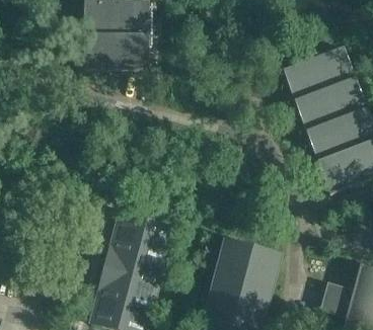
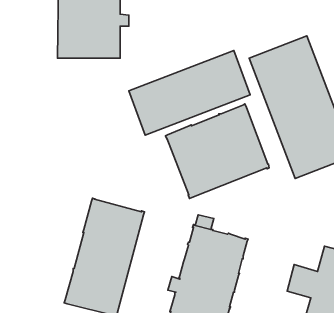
building: none -> [129,51,250,135]
building: none -> [165,104,269,199]

